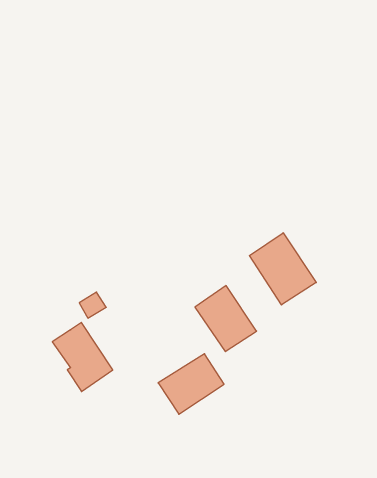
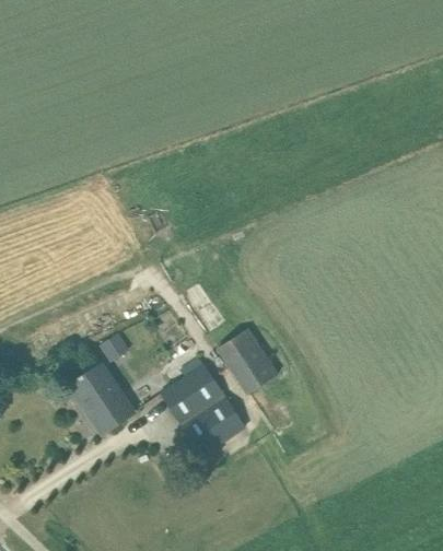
building: [249,233,316,305] -> none
building: none -> [159,355,226,425]

